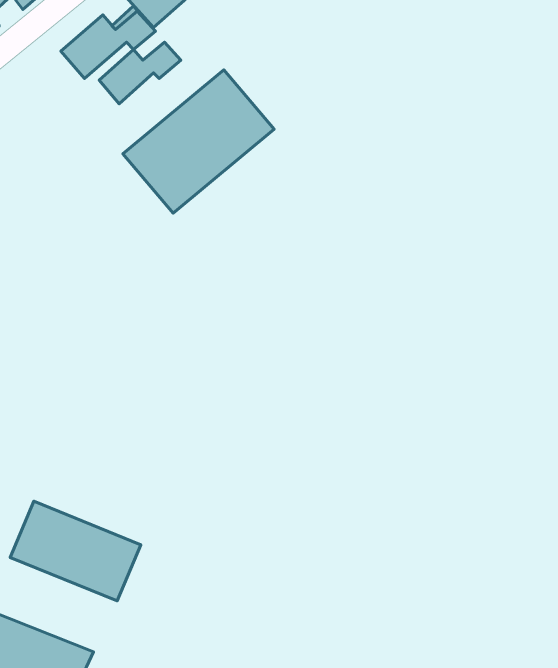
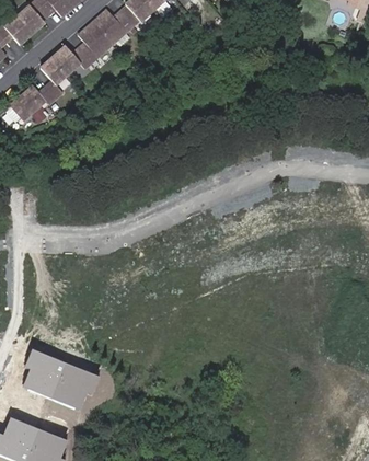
building: [99,42,181,104] -> [14,85,64,123]
building: [123,70,274,213] -> none

